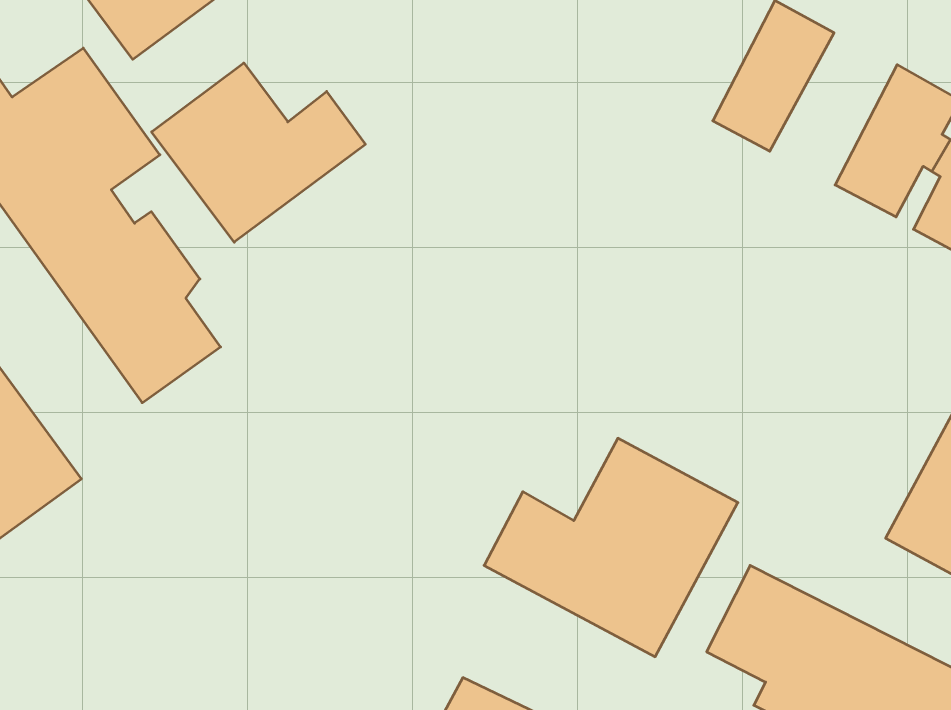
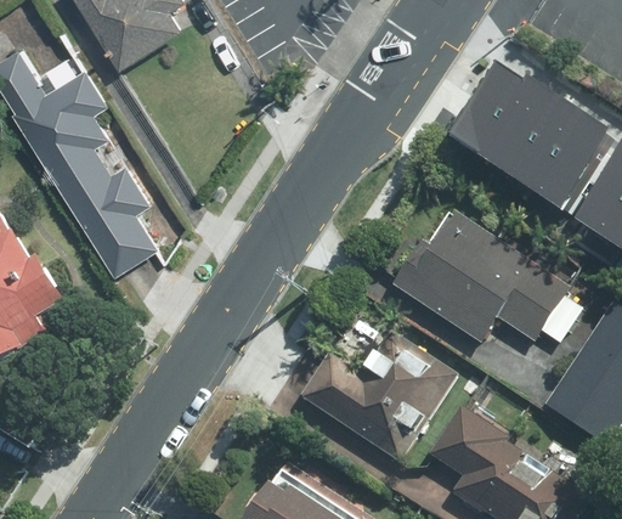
building: none -> [501,94,583,186]
building: [152,63,365,242] -> none
building: none -> [378,215,573,349]

